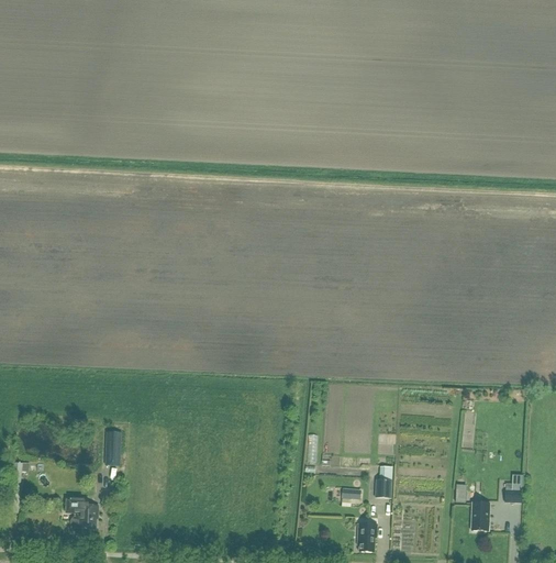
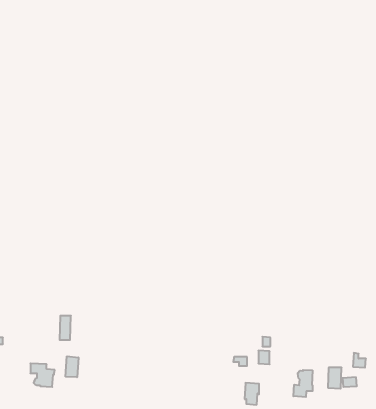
building: none -> [66,356,78,377]
building: none -> [293,370,313,397]

